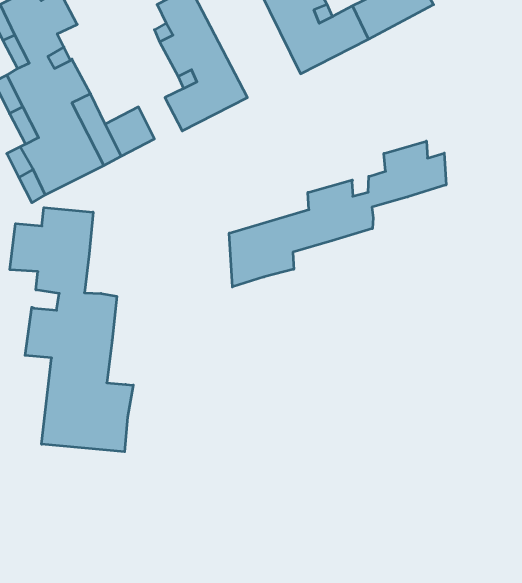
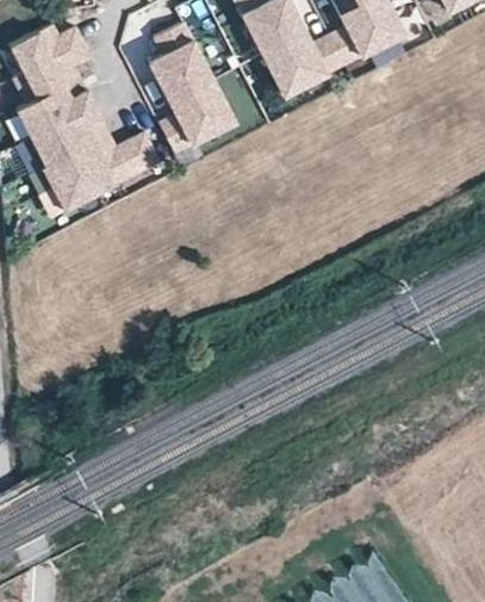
building: [229,141,446,287] -> none
building: [10,208,133,452] -> none

